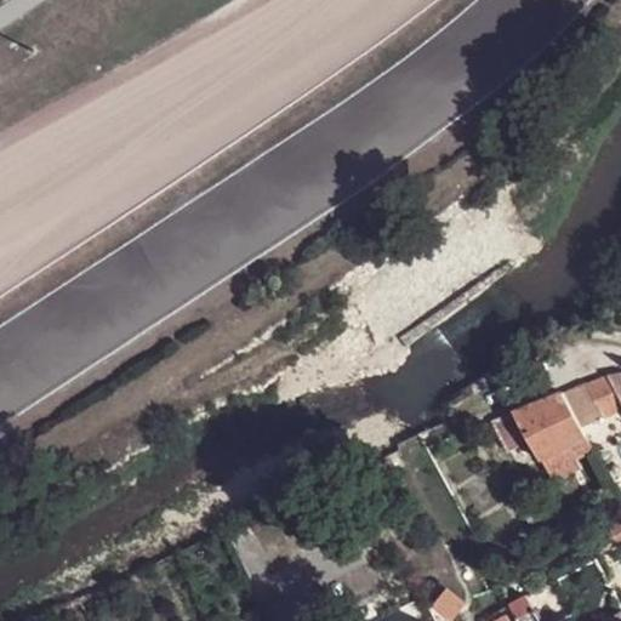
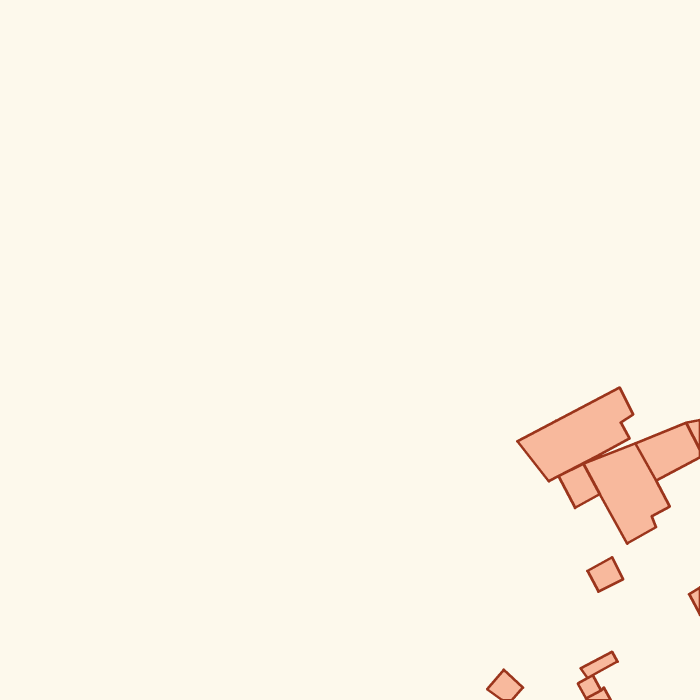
building: none -> [517,388,633,481]

